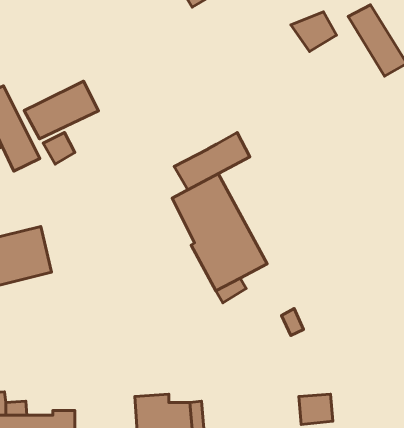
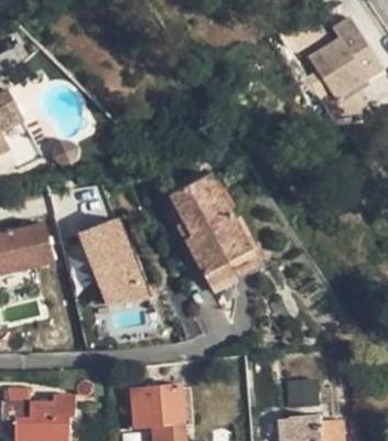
building: none -> [309,39,366,100]
building: [24,81,99,139] -> none
building: [174,133,250,190] -> none
building: none -> [75,216,149,311]

